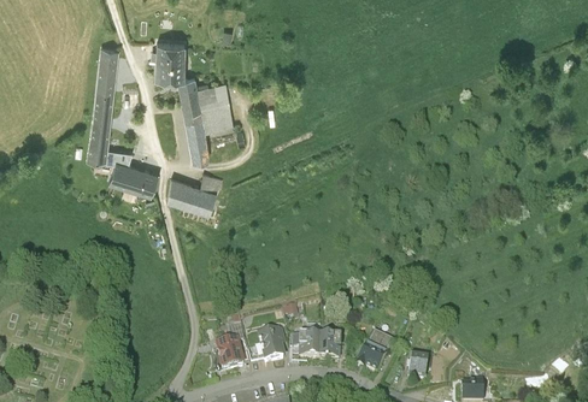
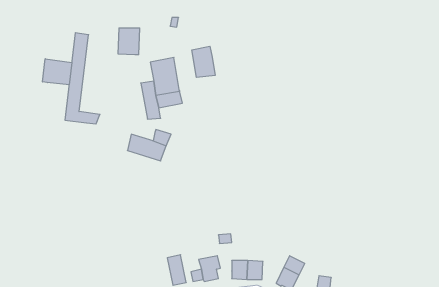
building: none -> [192,46,215,77]
building: [176,73,200,110] -> none
building: none -> [43,59,72,85]
building: [108,160,157,190] -> none

